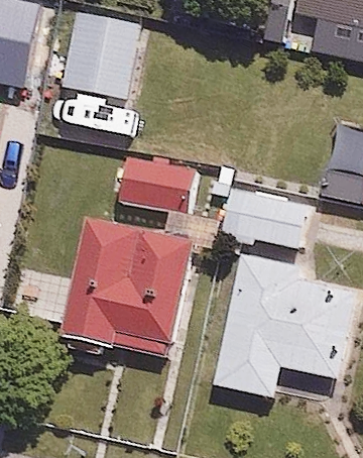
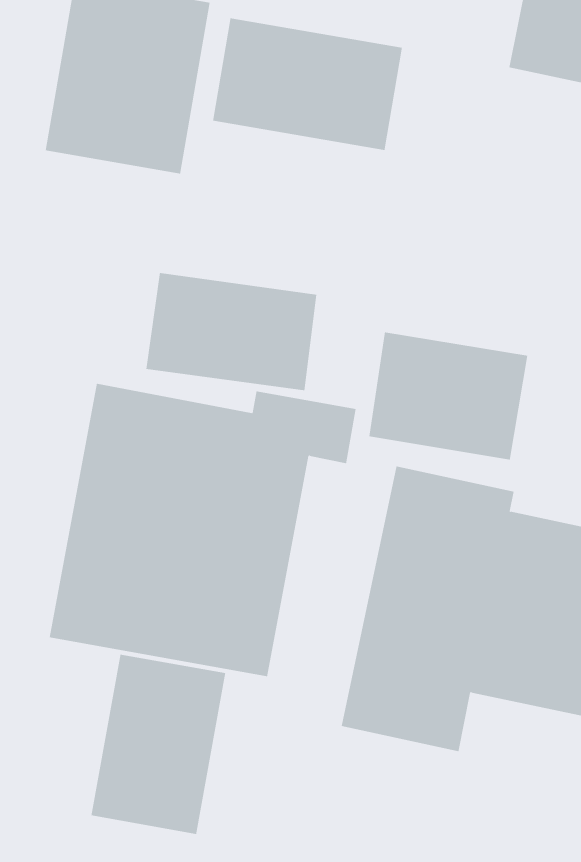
building: none -> [213,17,402,151]
building: none -> [91,654,226,835]

